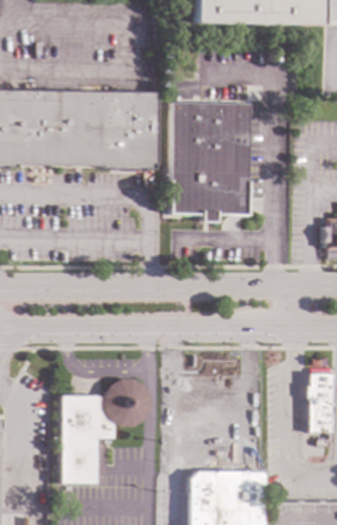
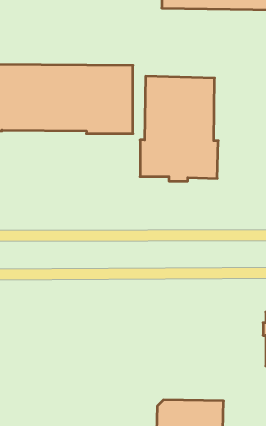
building: [62,378,152,483] -> none

